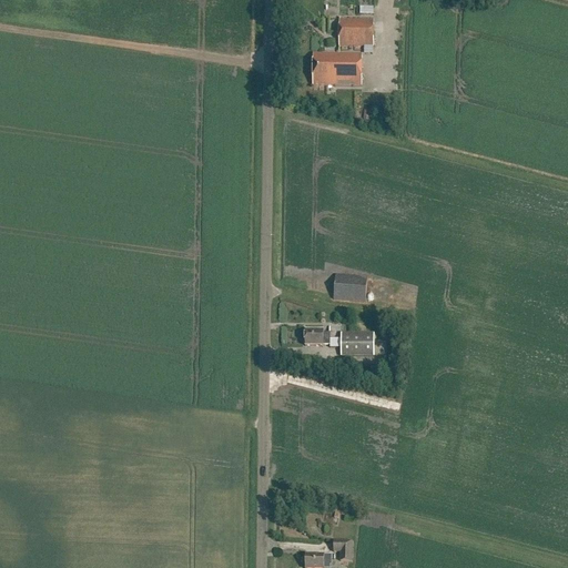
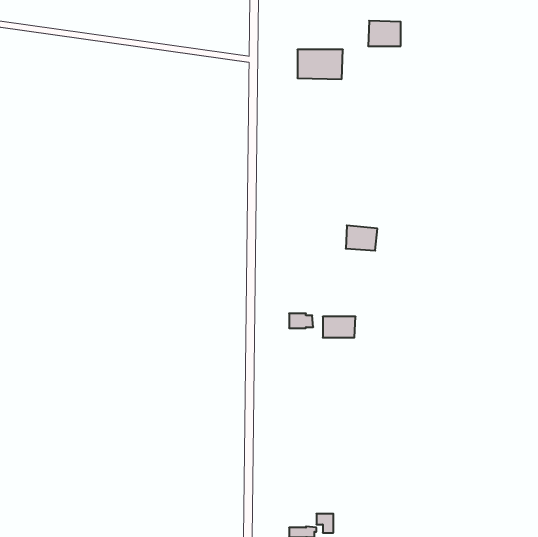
building: [338,17,373,43] -> [368,21,401,46]
building: [333,274,366,301] -> [346,225,377,251]

